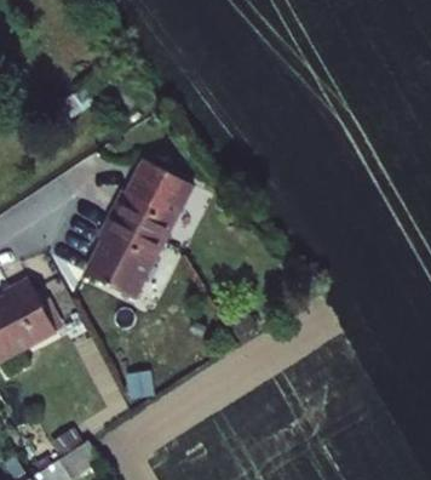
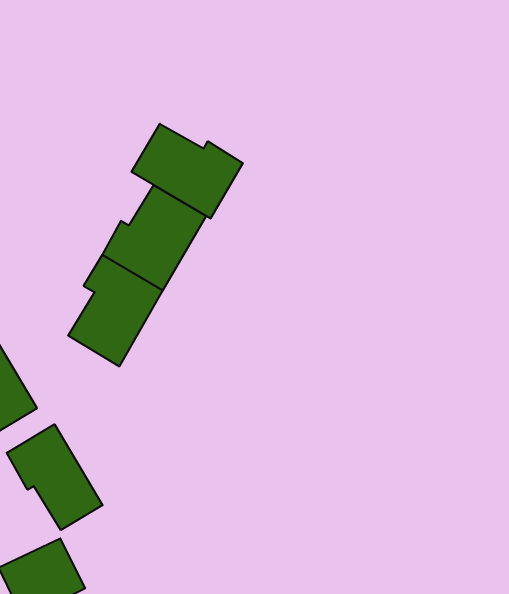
building: none -> [132,124,243,219]
building: none -> [7,424,103,530]

